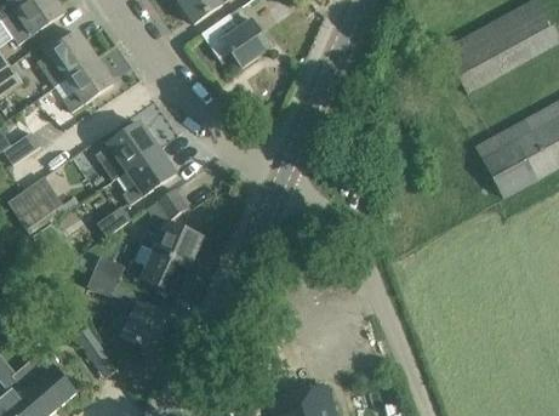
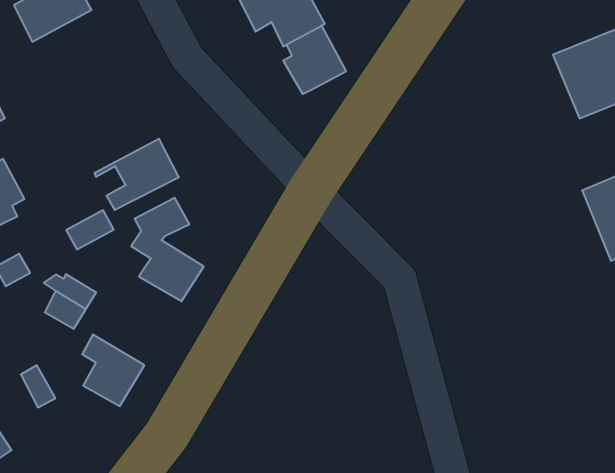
building: none -> [283,26,346,94]
building: [55,57,113,112] -> none
building: [96,122,158,178] -> none
building: [127,244,189,294] -> none

